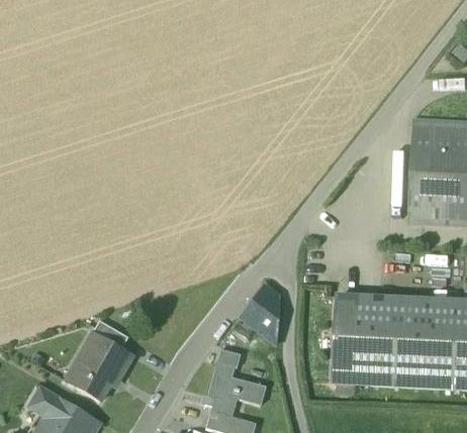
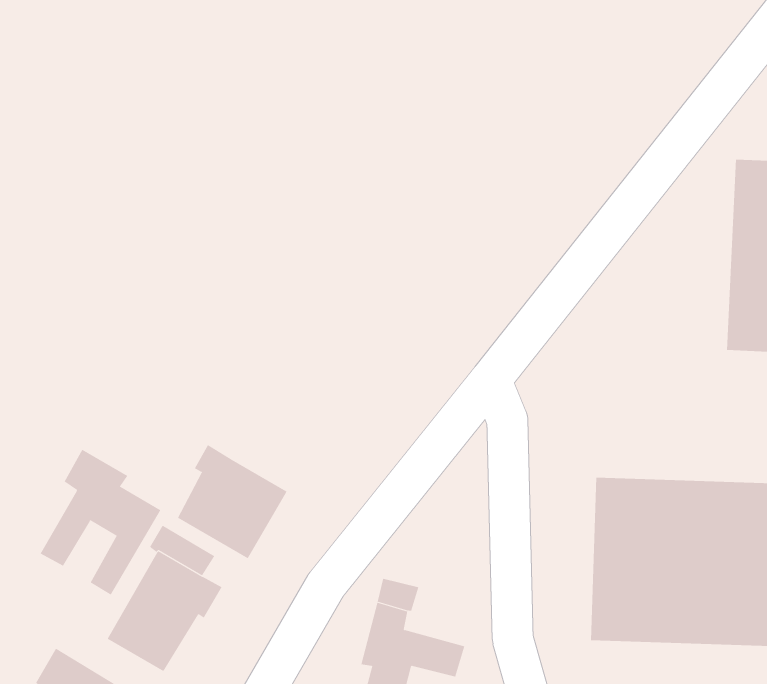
building: none -> [177,444,287,559]
building: none -> [40,449,161,596]
building: [240,285,279,345] -> none

